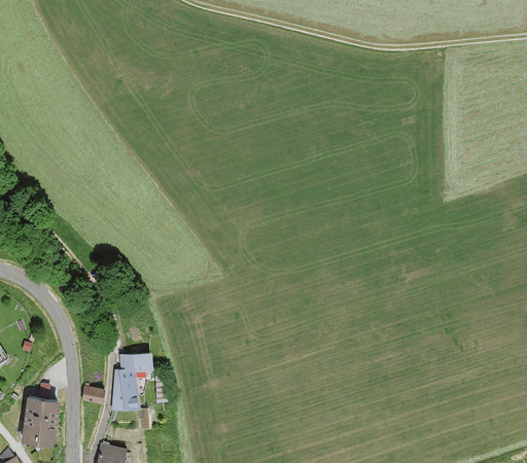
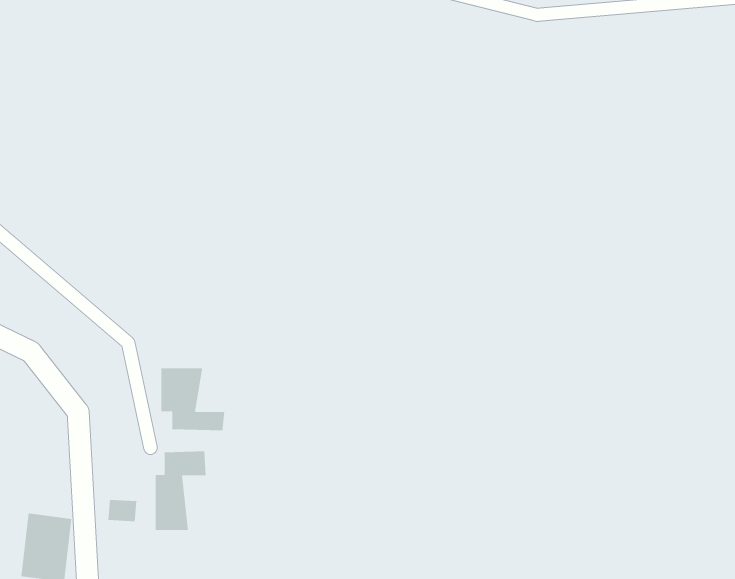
building: none -> [161,368,225,431]

